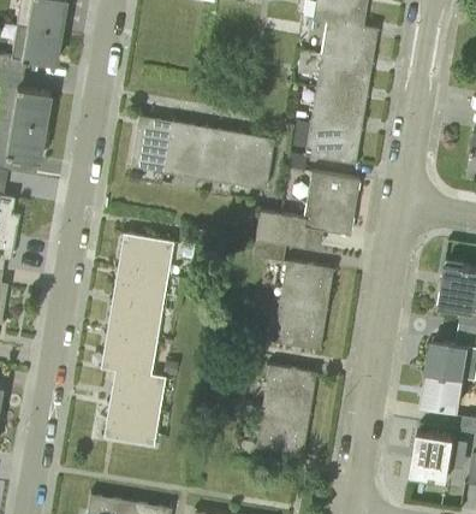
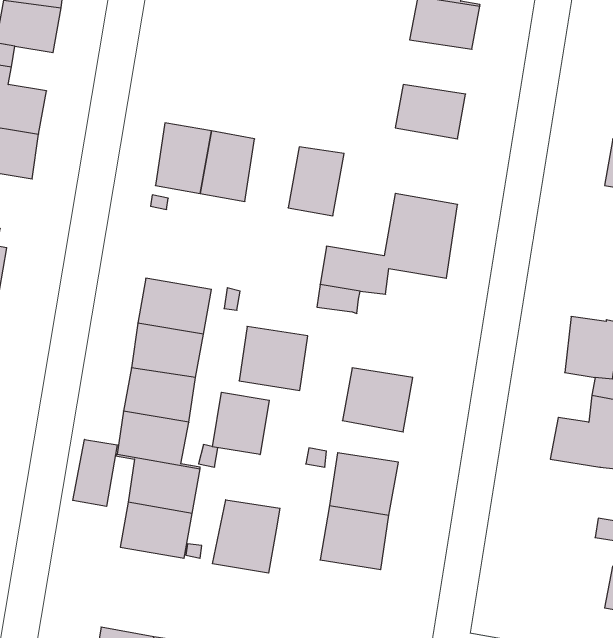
building: [317,55,369,96] -> none
building: [307,122,358,164] -> none
building: [198,130,239,182] -> none
building: [279,261,331,309] -> [239,326,308,390]
building: none -> [212,392,269,455]
building: none -> [73,439,117,506]
building: [423,371,465,409] -> none
building: none -> [213,500,280,573]
building: [411,432,454,479] -> none

